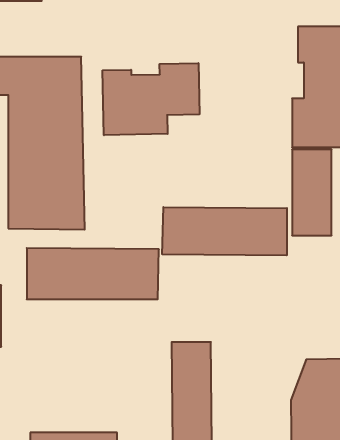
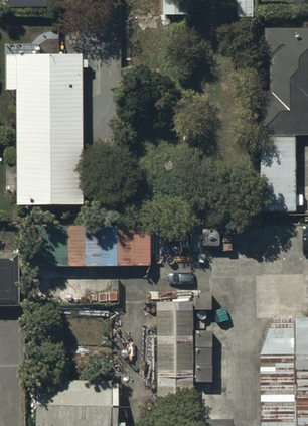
building: [103,63,199,135] -> none
building: [162,207,287,255] -> none

